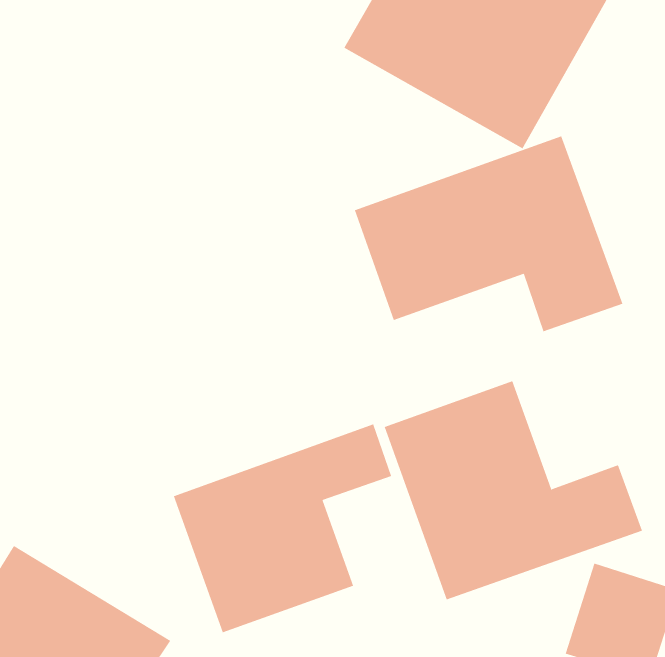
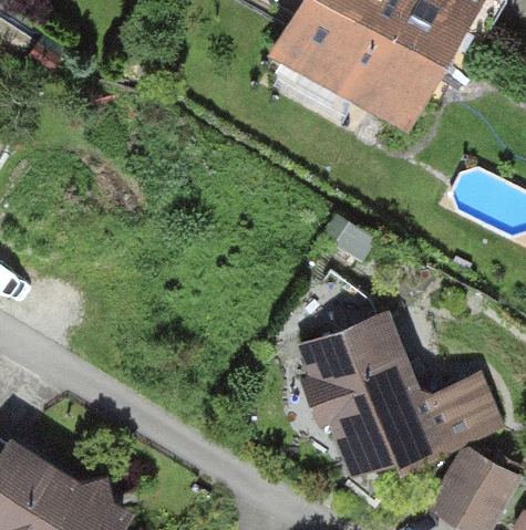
building: [354,136,623,332] -> none
building: [173,423,392,633] -> none

